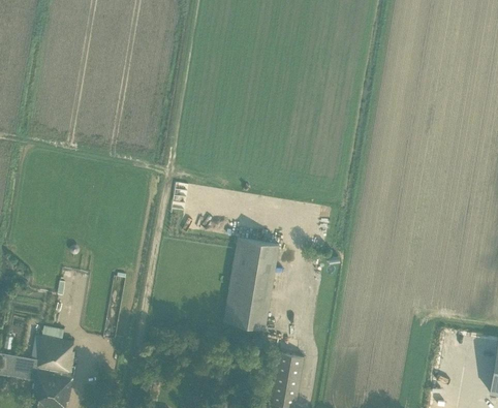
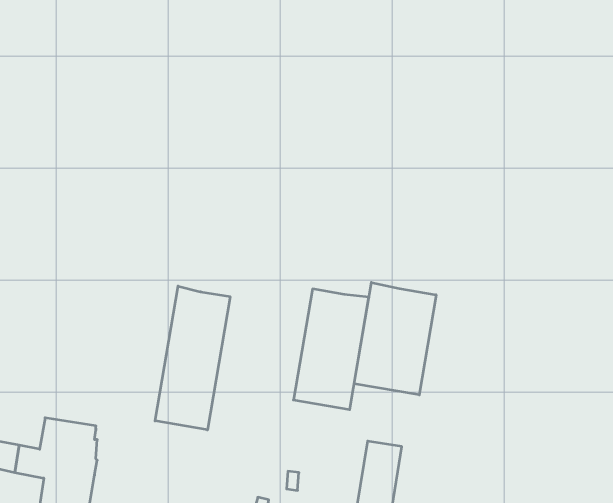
building: none -> [354,282,436,395]
building: none -> [155,286,230,430]

